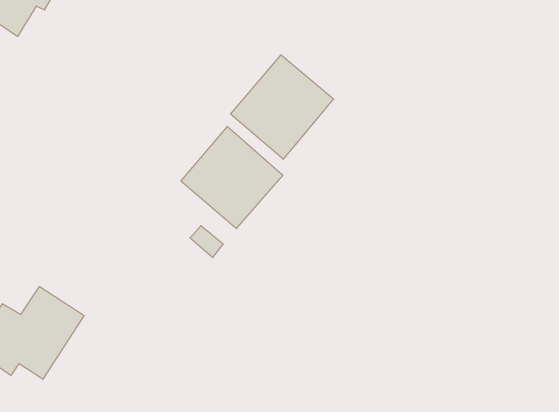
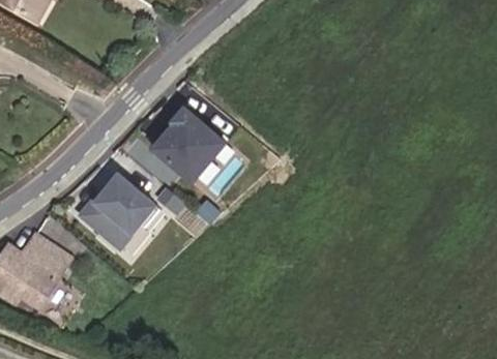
building: [230,55,334,159] -> none
building: none -> [78,172,158,245]

